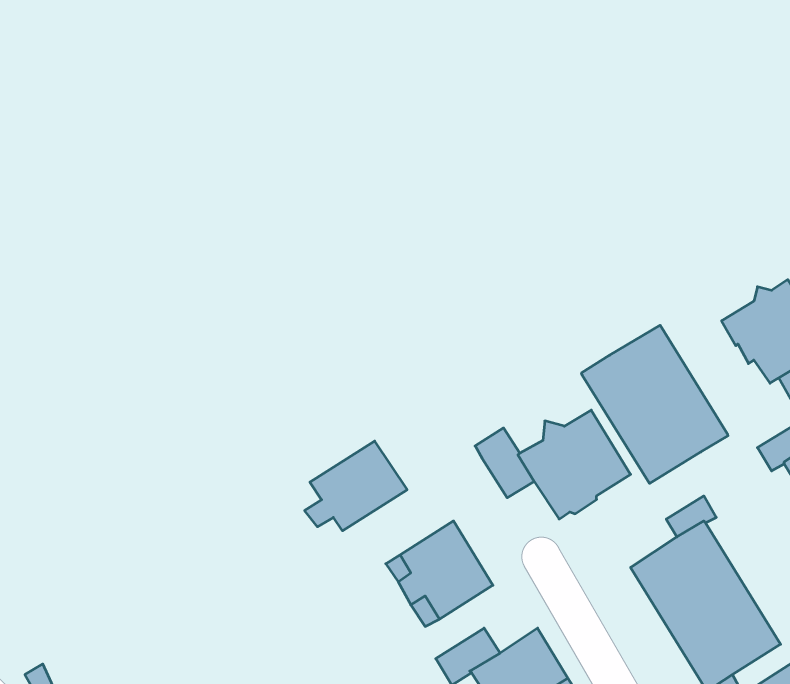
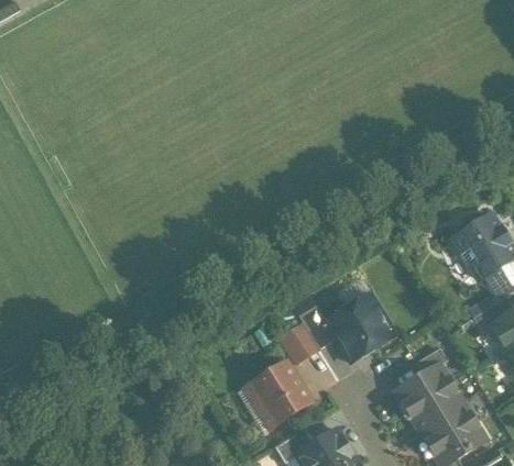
building: [582,325,728,483] -> none
building: [305,441,407,531] -> none
building: none -> [282,325,319,364]

